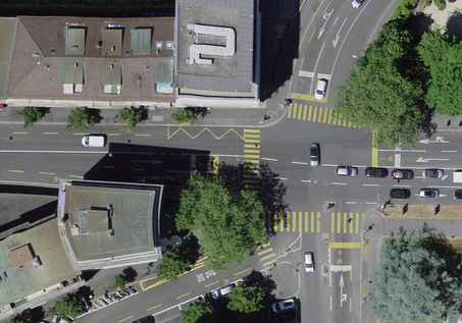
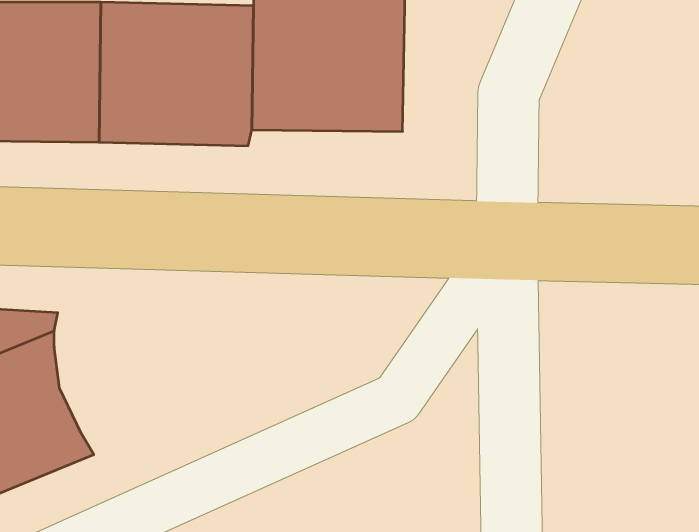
building: [62,194,157,262] -> none

